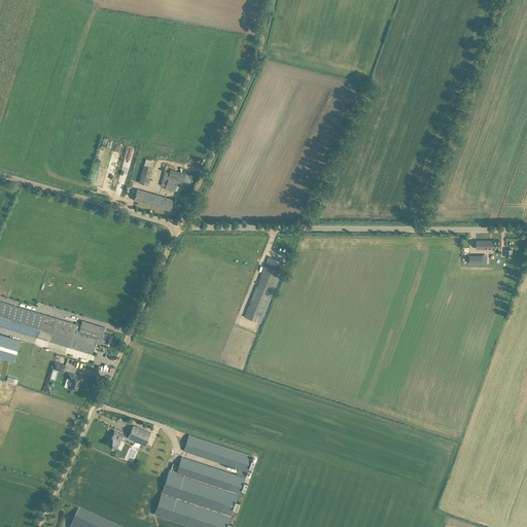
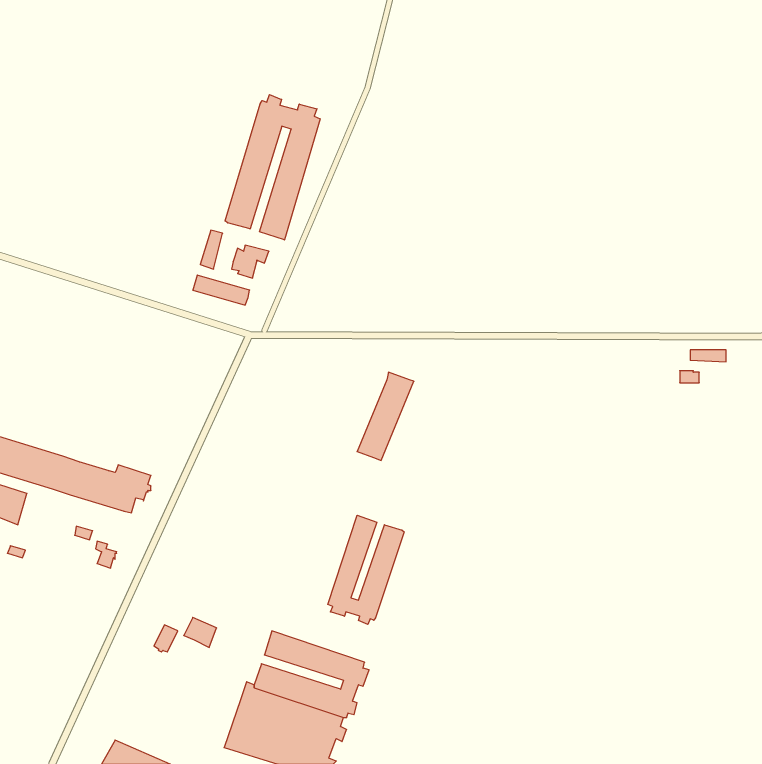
building: none -> [225,95,320,240]
building: none -> [328,515,404,624]

